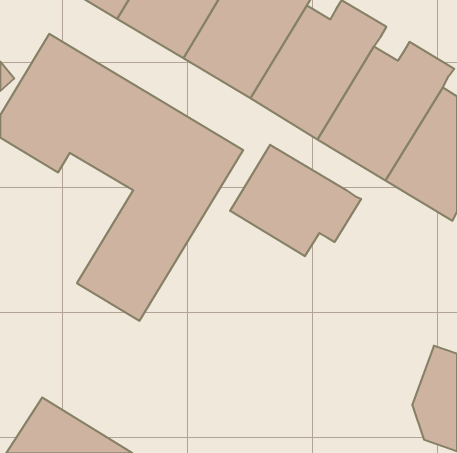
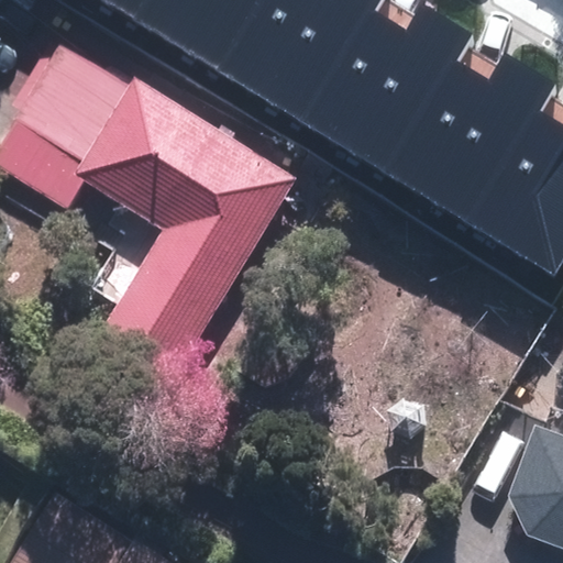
building: [230,145,361,256] -> none

